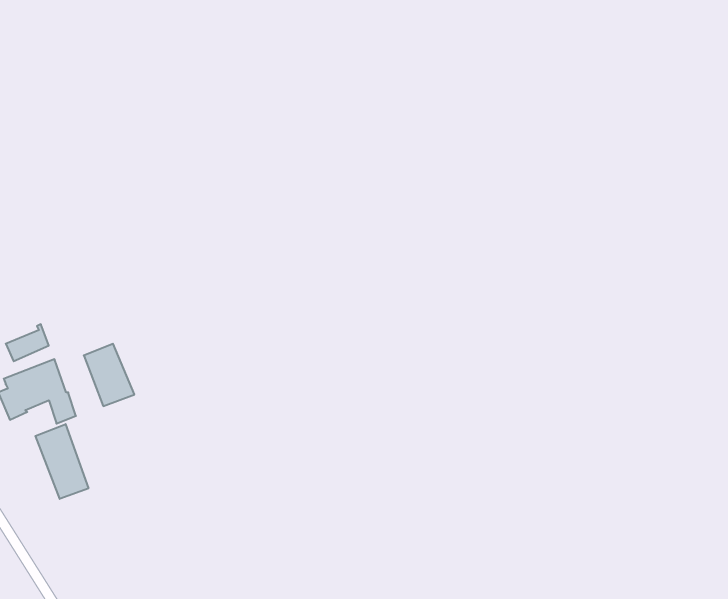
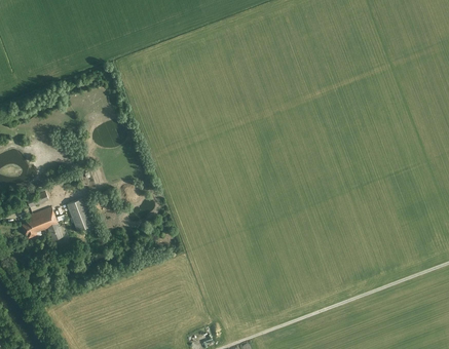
building: [35,424,88,499] -> none

